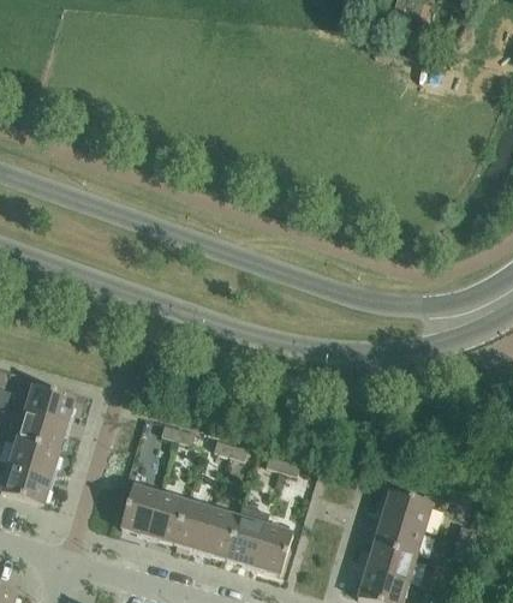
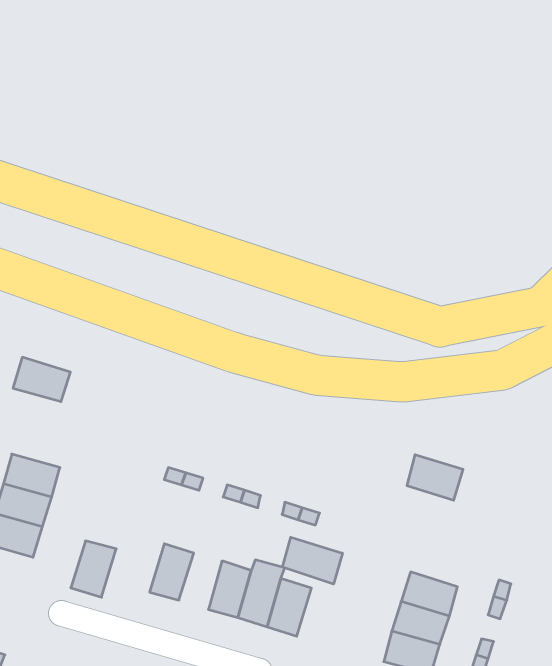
building: [23,383,74,423] -> [13,357,70,402]
building: [119,484,160,535] -> [71,541,116,597]
building: none -> [282,537,342,584]
building: [381,489,431,530] -> [407,455,463,500]
building: [173,500,211,550] -> none

